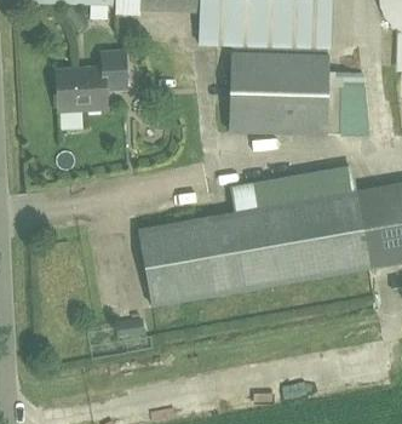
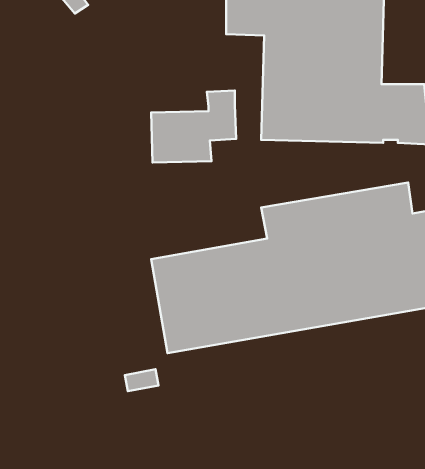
building: [57,50,127,109] -> [151,90,236,162]

